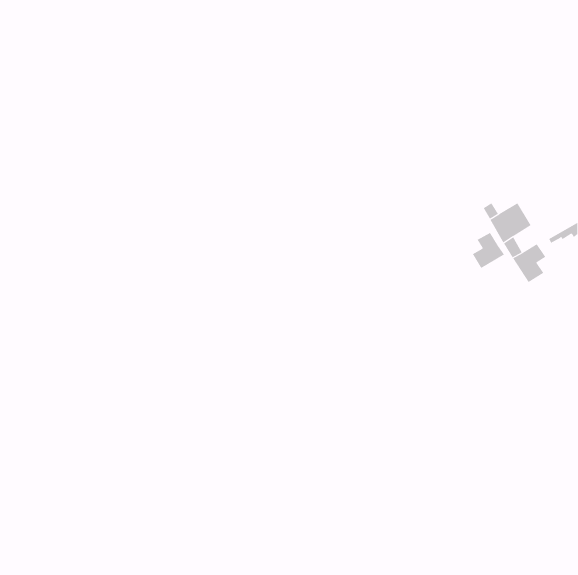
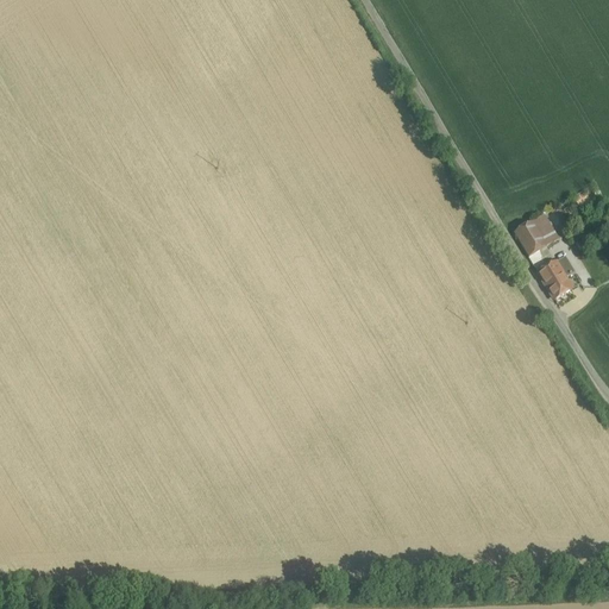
building: [472,232,505,269] -> none

